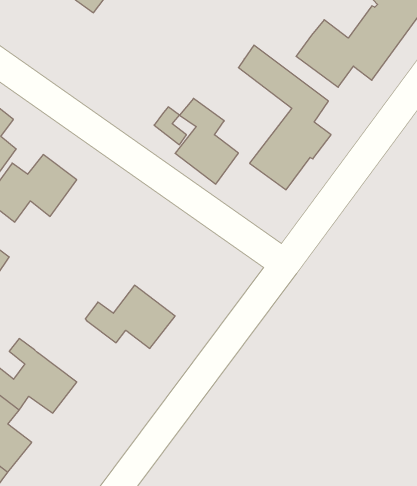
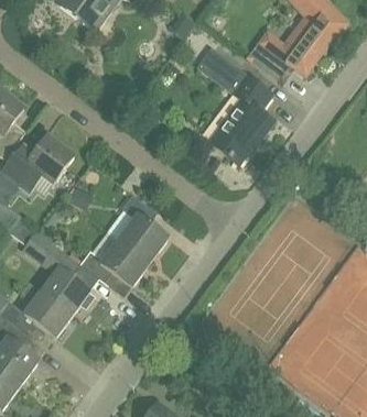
building: [175,98,238,184] -> [119,196,169,263]
building: none -> [21,231,95,315]

